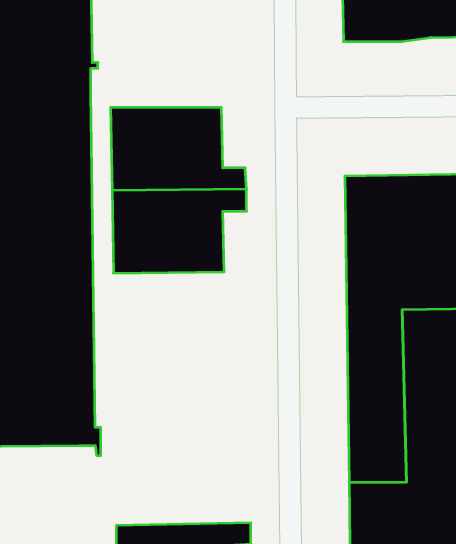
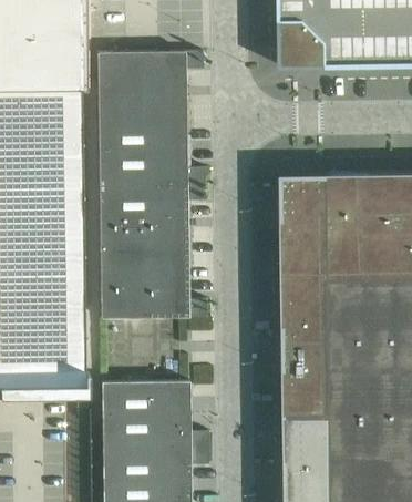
building: none -> [95,51,202,120]
building: none -> [99,249,205,318]
building: none -> [100,381,207,450]

